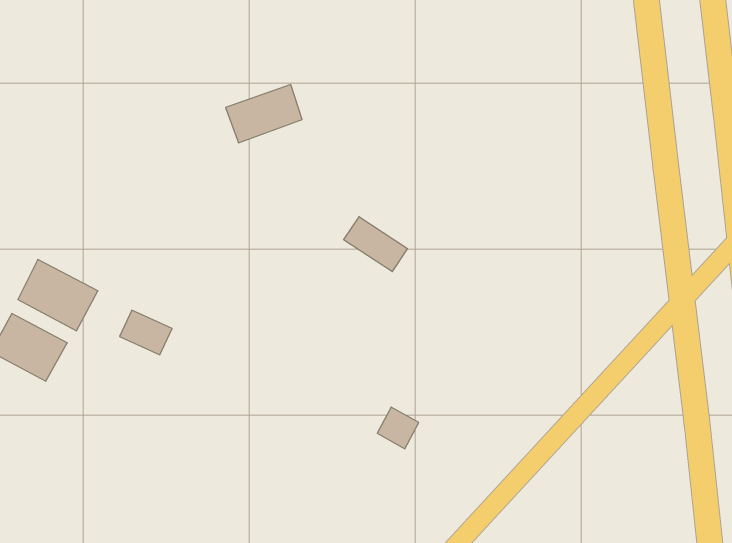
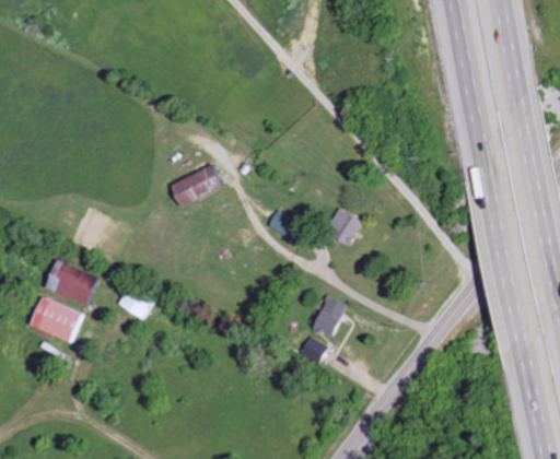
building: [226,85,302,143] -> [171,164,223,207]
building: none -> [328,208,362,245]
building: none -> [312,296,346,337]

